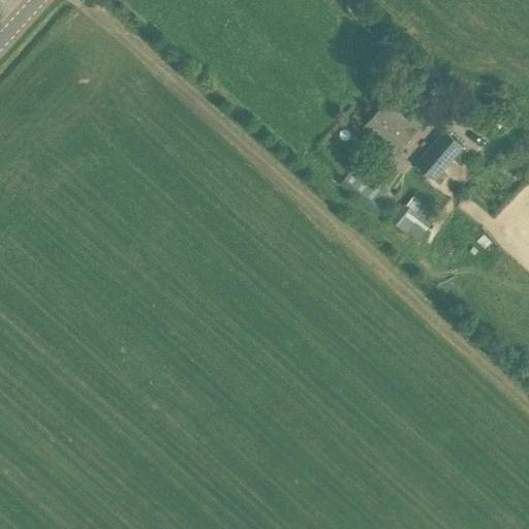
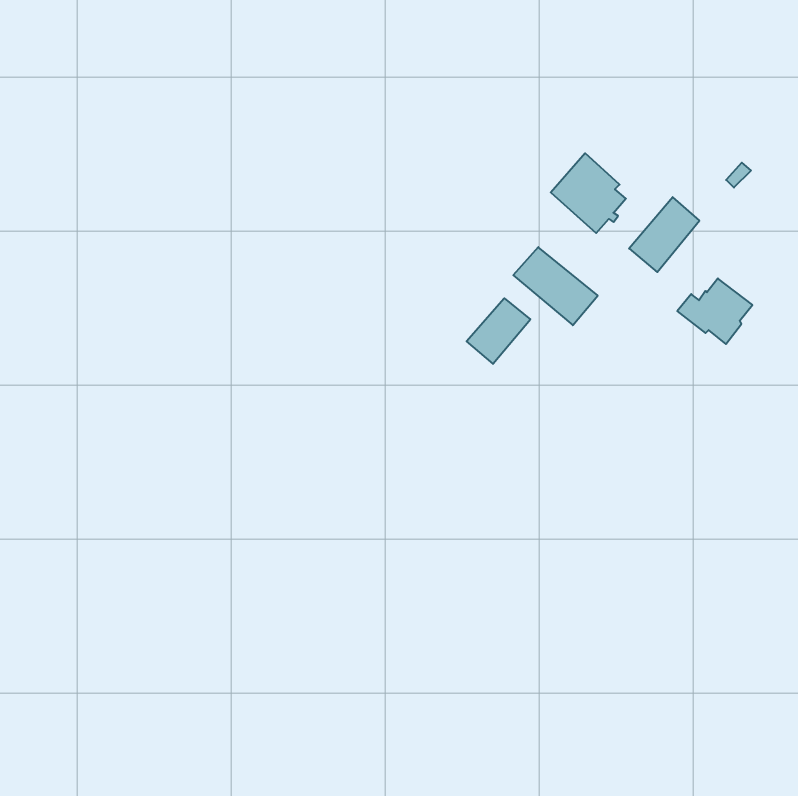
building: [386,197,436,241] -> [677,278,752,344]
building: none -> [467,298,530,364]

